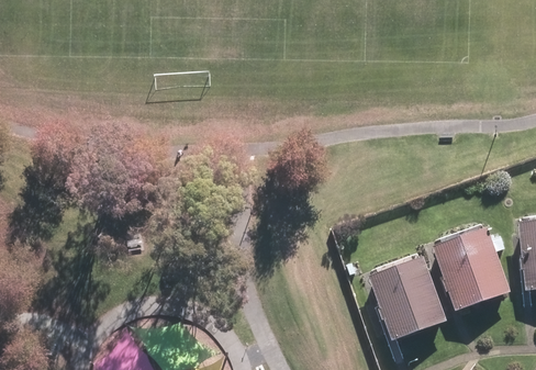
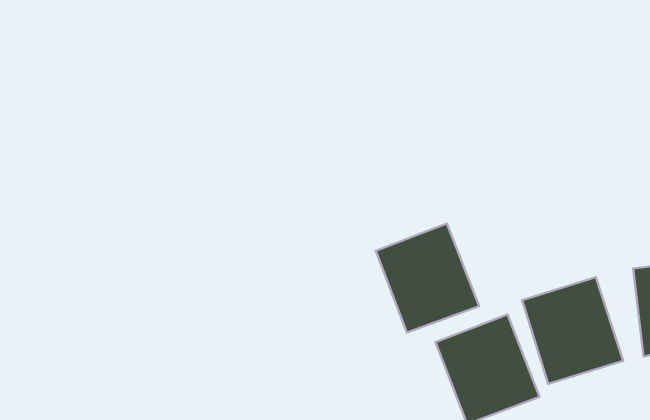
building: none -> [376,223,479,332]

